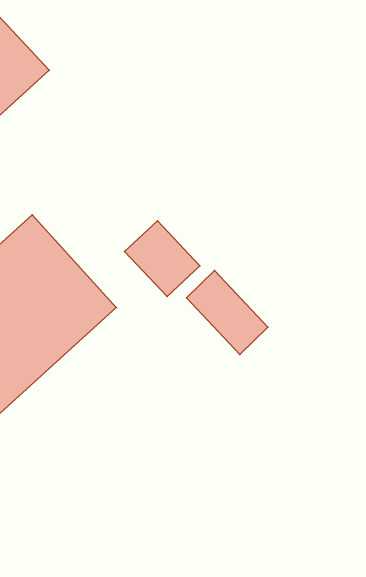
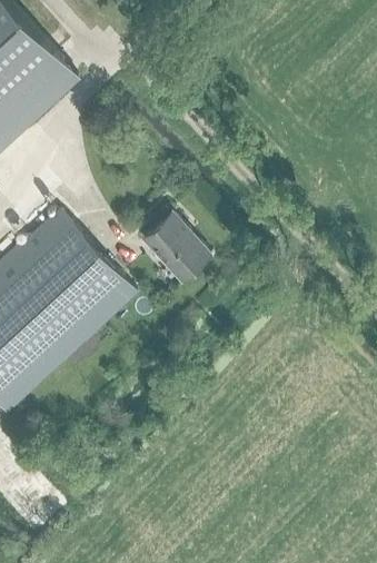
building: [187,271,268,354] -> none

